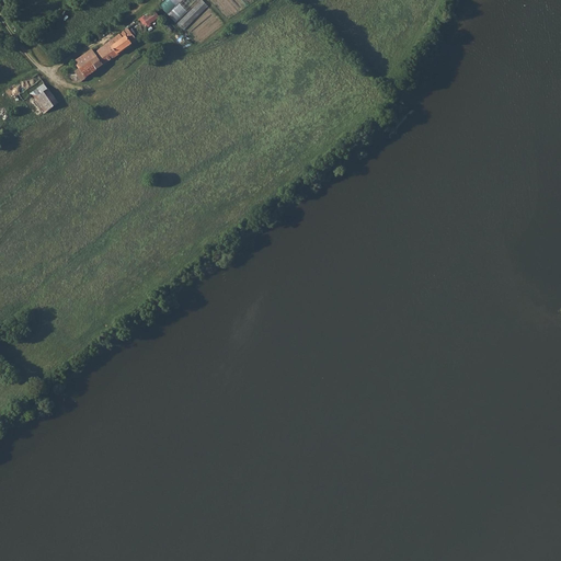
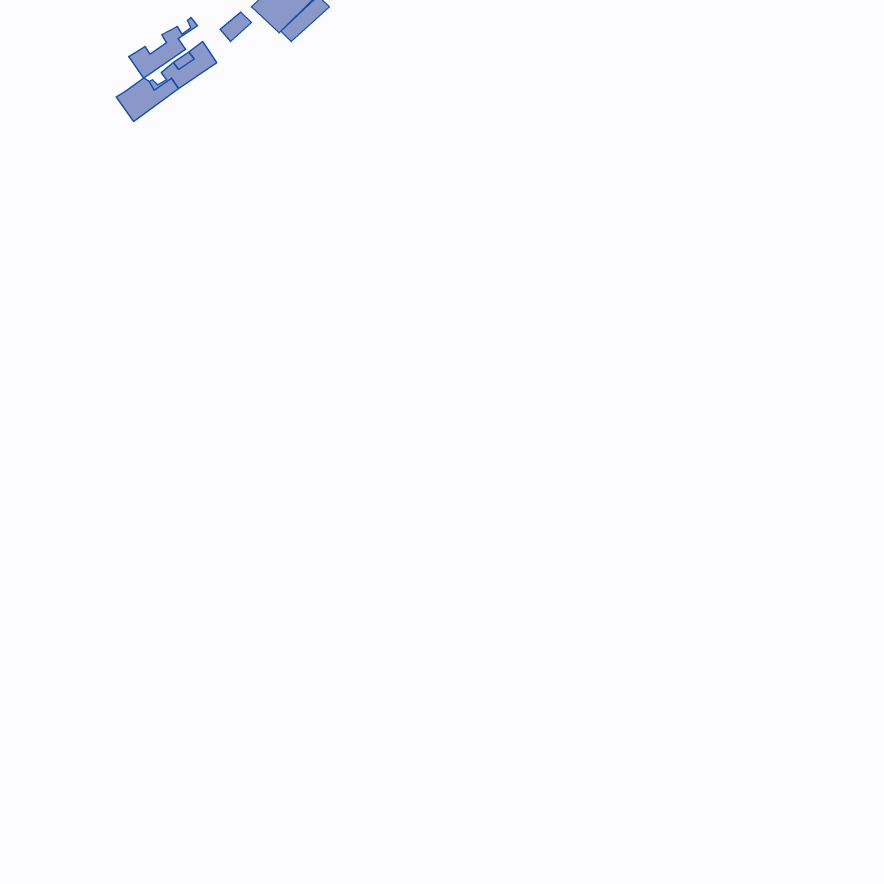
building: none -> [129,17,197,78]
building: [26,83,56,114] -> none

